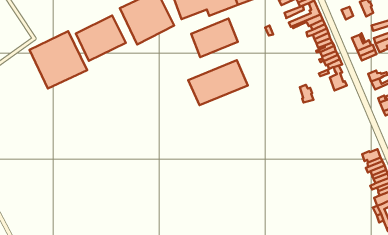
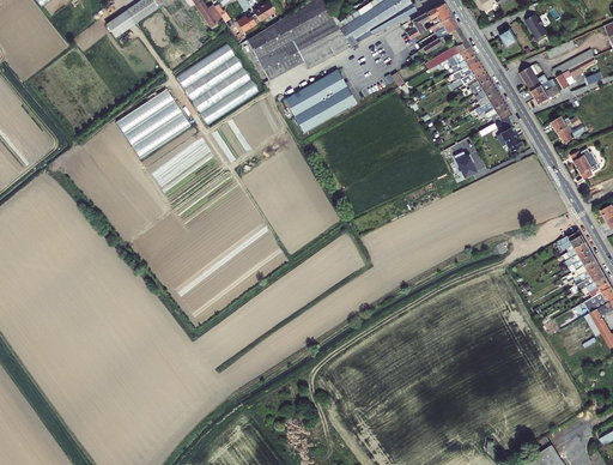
building: [29,31,87,88] -> none
building: [188,60,248,105] -> none

